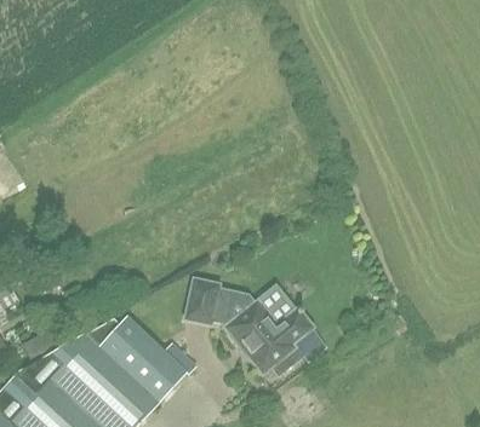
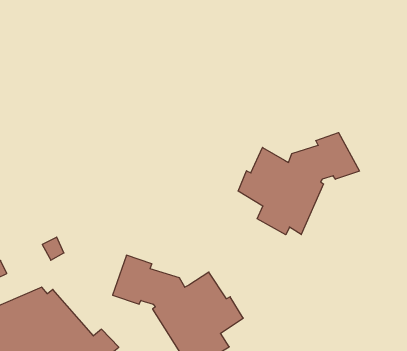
building: none -> [238,133,359,235]

